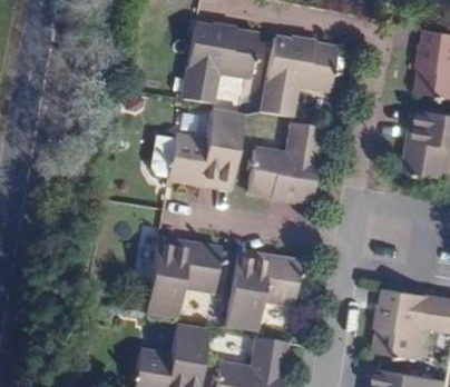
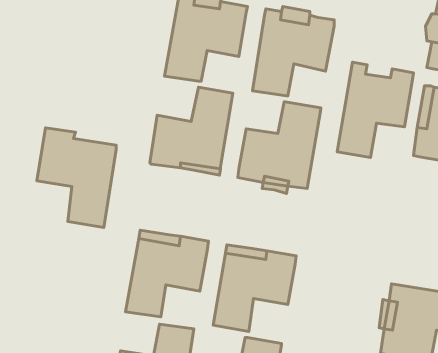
building: none -> [337,62,413,157]
building: none -> [37,128,116,227]

